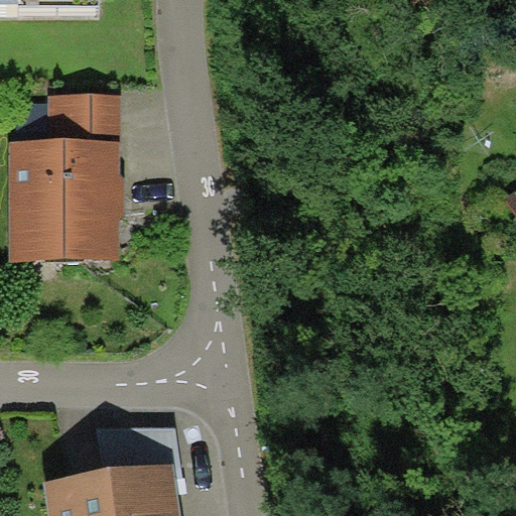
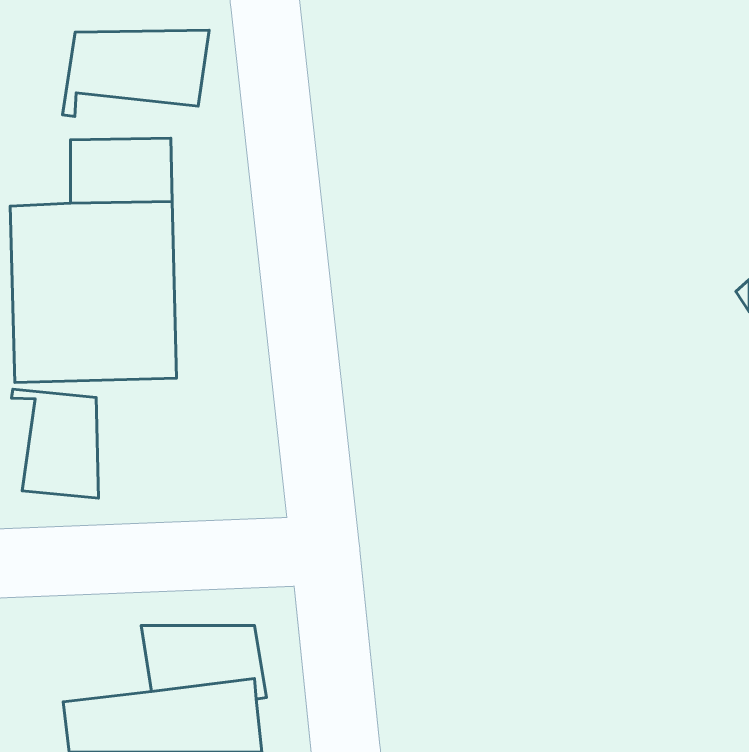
building: none -> [63,30,209,116]
building: none -> [11,389,99,498]

